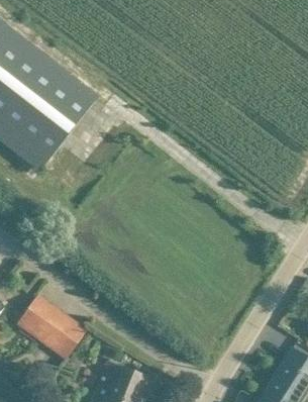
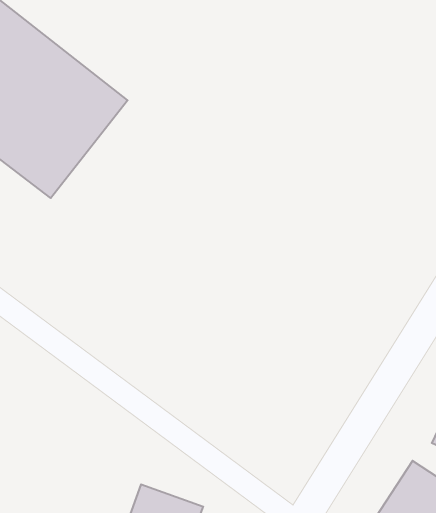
building: [25,295,89,354] -> none

